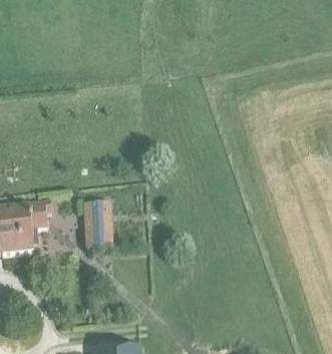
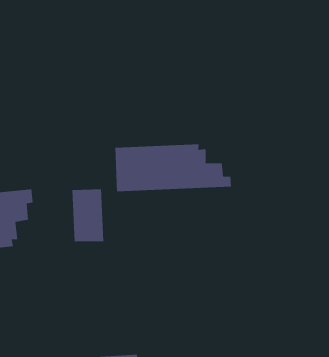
building: none -> [115,144,232,192]

